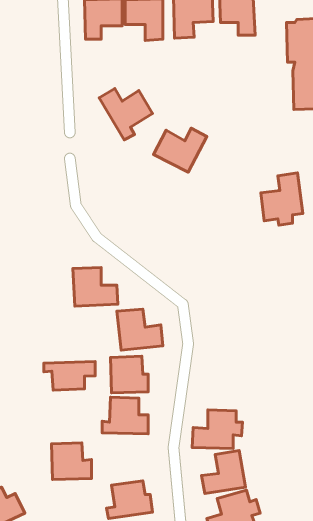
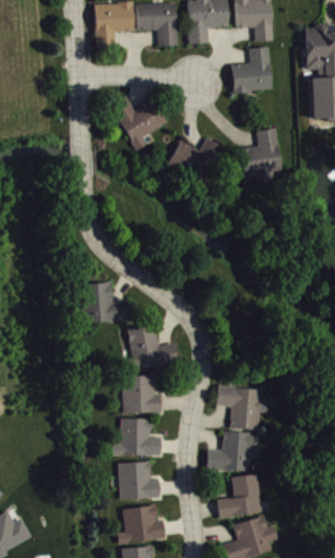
building: none -> [231,47,271,92]
building: [261,173,303,225] -> [238,128,282,182]
building: [44,362,95,390] -> none
building: none -> [216,386,267,429]
building: [52,443,91,479] -> [118,461,159,499]

